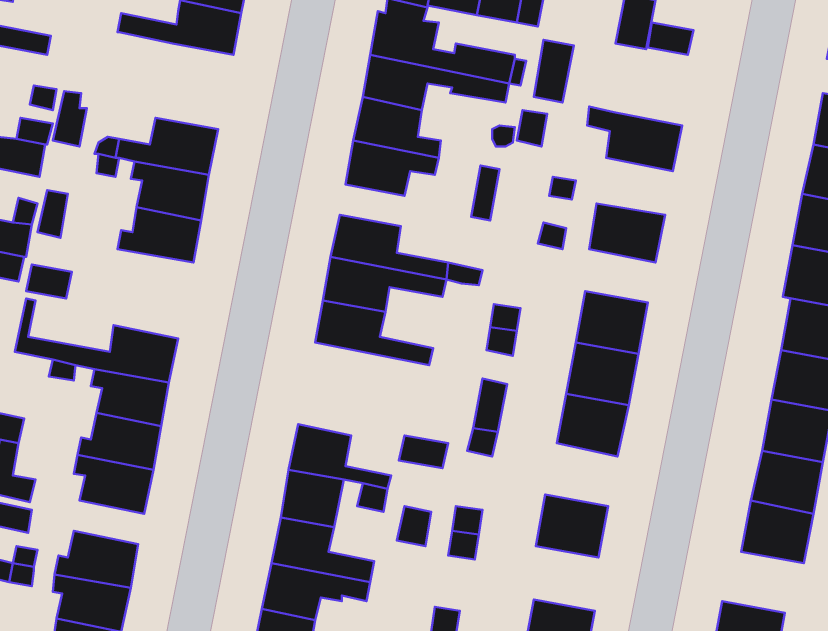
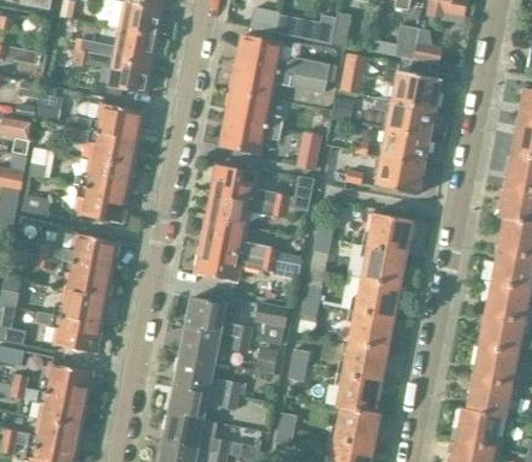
building: none -> [75,49,150,94]
building: none -> [383,61,439,108]
building: none -> [380,129,428,165]
building: none -> [76,186,125,224]
building: none -> [196,245,297,282]
building: none -> [348,309,394,349]
building: none -> [336,374,382,415]
building: none -> [460,378,512,417]

